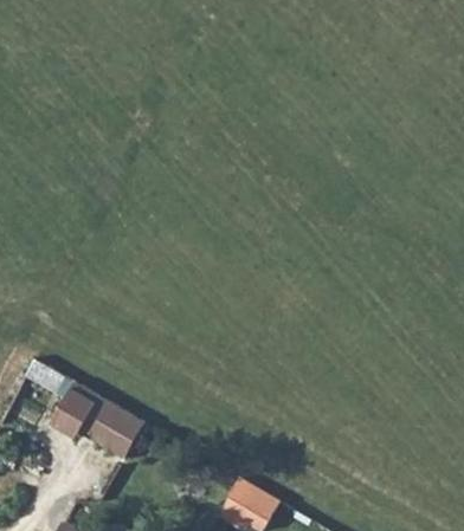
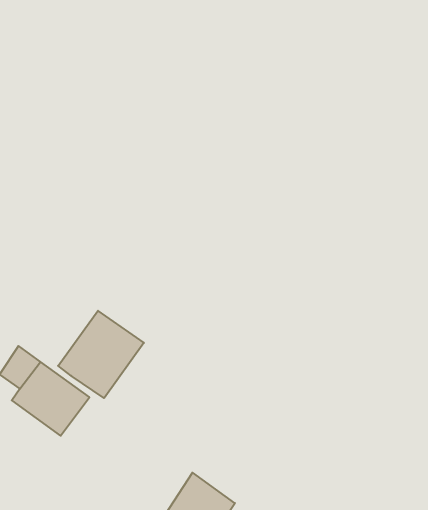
building: none -> [58,311,144,398]

